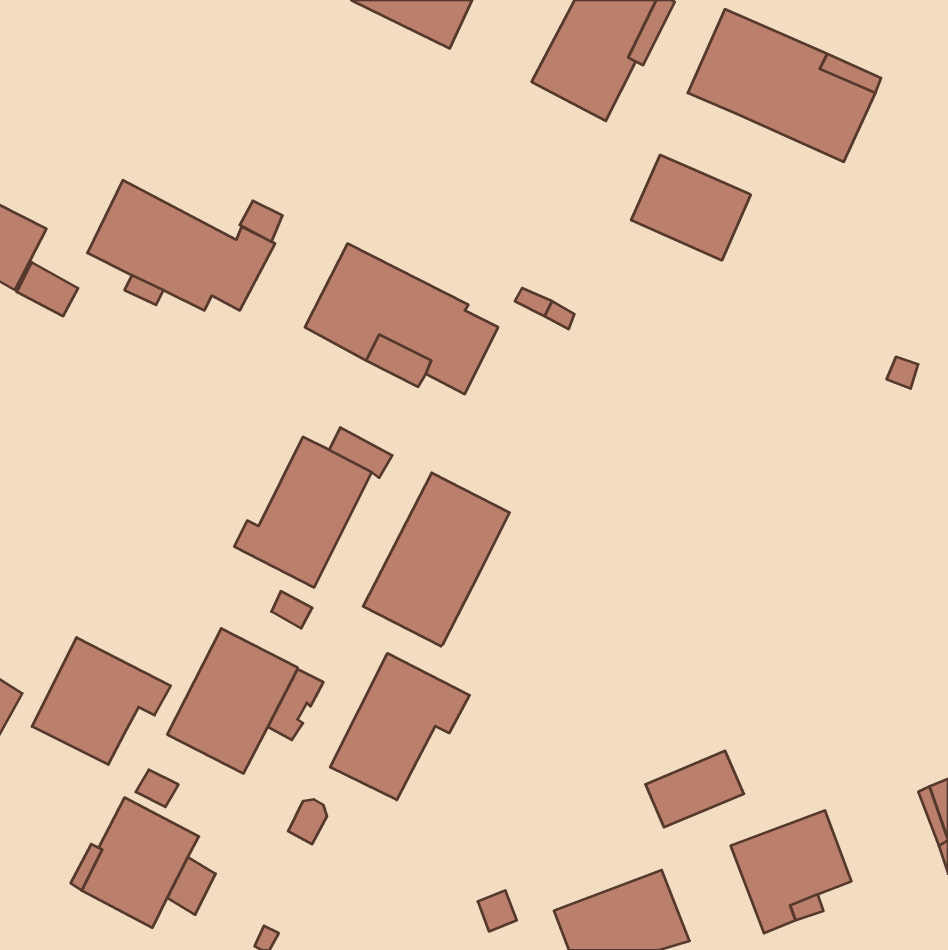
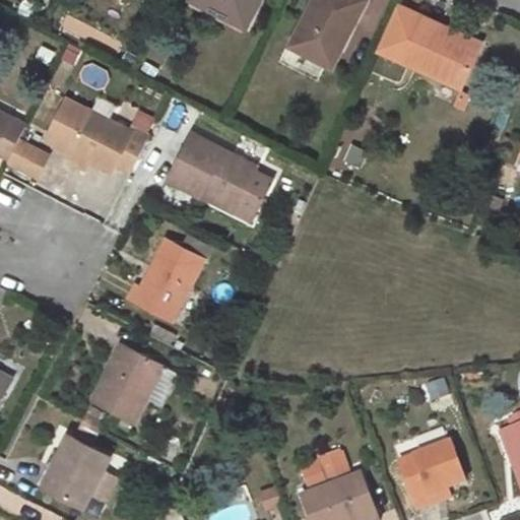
building: [631,155,751,260] -> none
building: [363,473,510,646] -> none
building: [32,637,171,765] -> none
building: [330,653,470,800] -> none
building: [645,751,744,827] -> [297,448,350,490]

